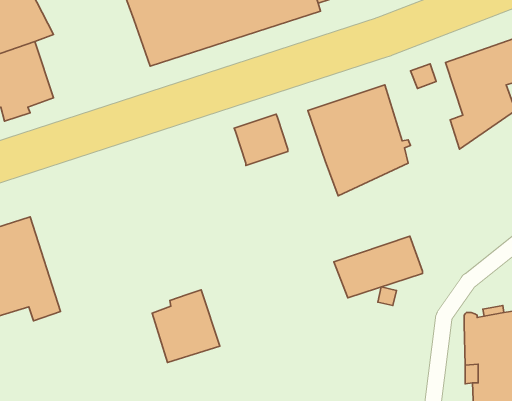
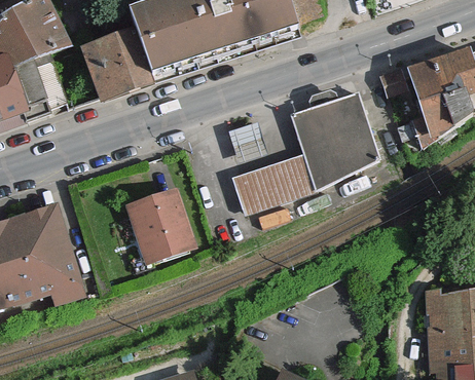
building: none -> [81,32,151,94]
building: [334,236,423,298] -> [236,156,315,211]
building: [152,290,220,362] -> [131,190,190,254]

